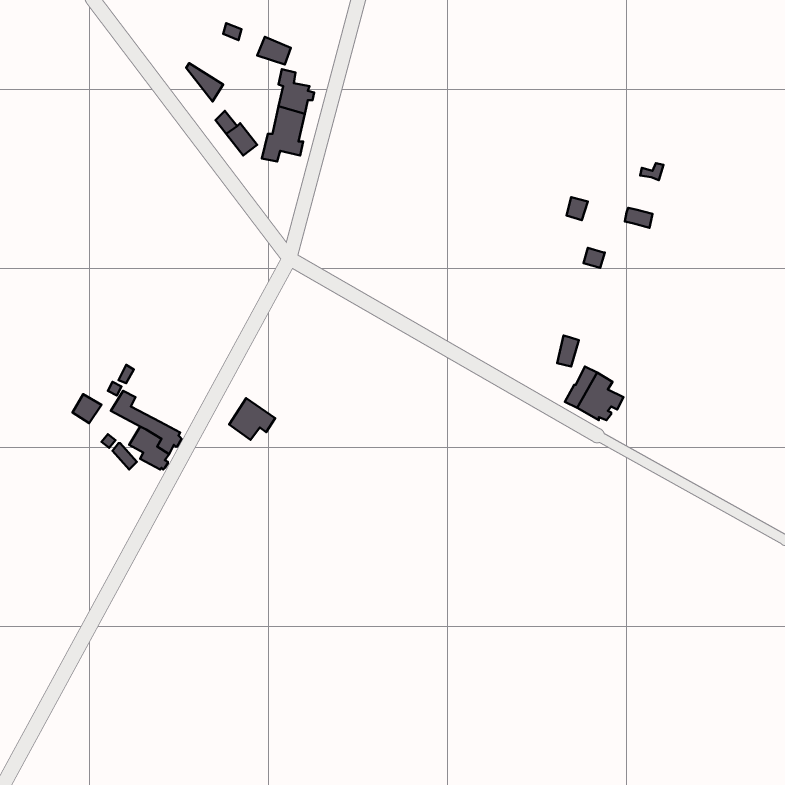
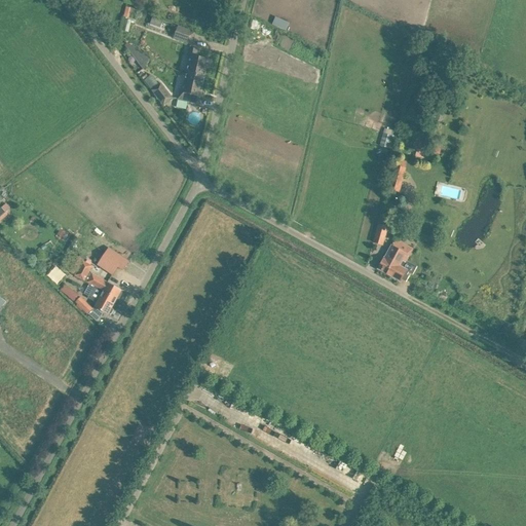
building: [229,398,275,440] -> [97,247,127,274]

